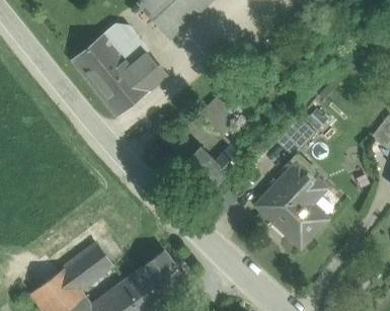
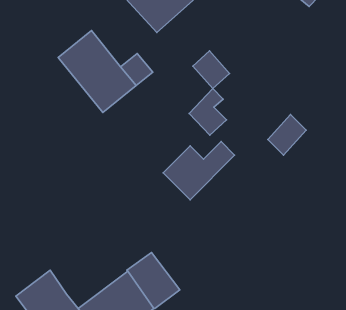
building: [104,25,149,69] -> none
building: none -> [193,51,229,89]
building: [254,158,327,244] -> none
building: [64,244,112,291] -> none

